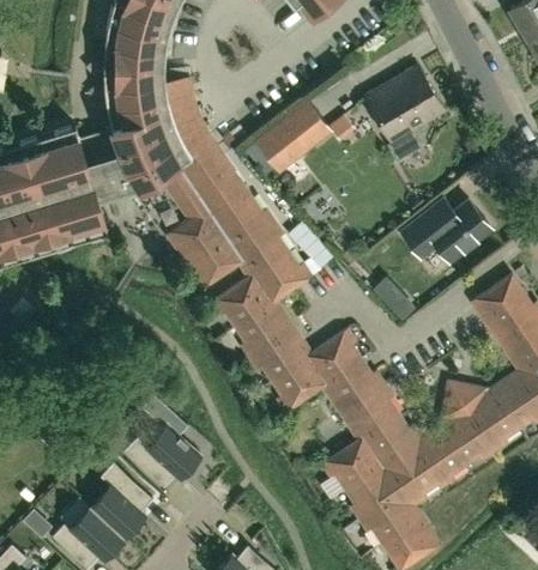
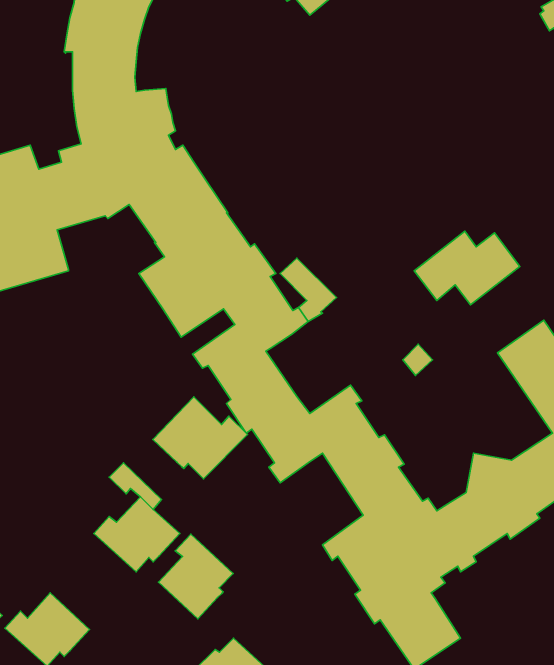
building: [365,65,445,159] -> none
building: [254,97,356,172] -> none
building: none -> [153,397,248,479]
building: [92,465,156,536] -> [158,534,233,619]

